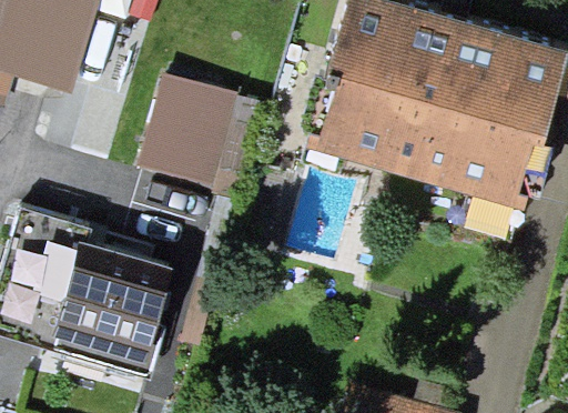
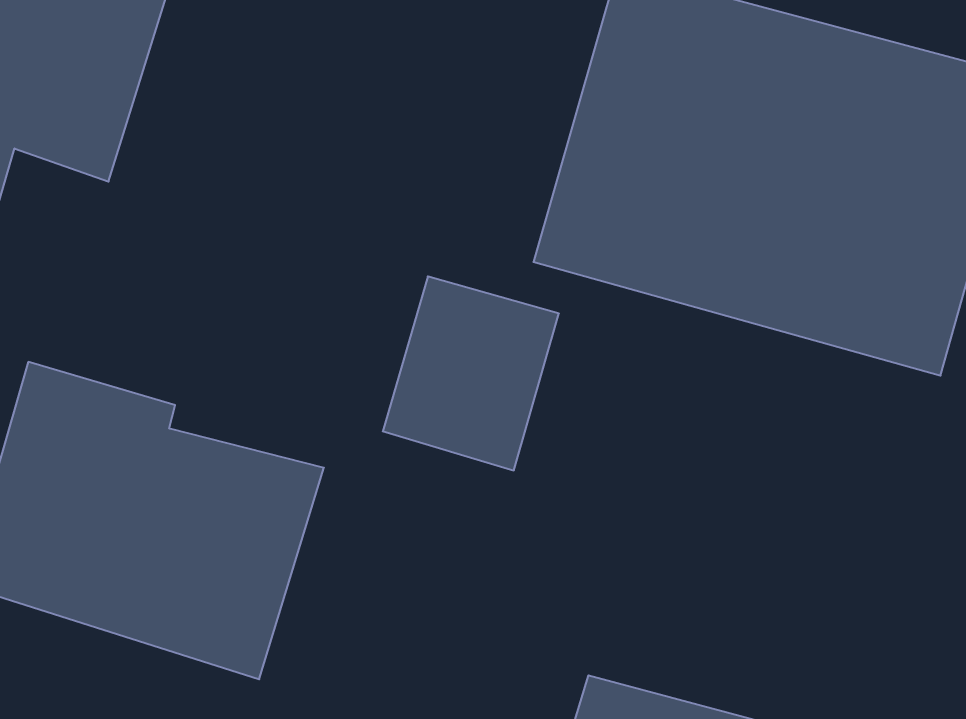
building: [131,74,231,184] -> [383,276,559,470]

